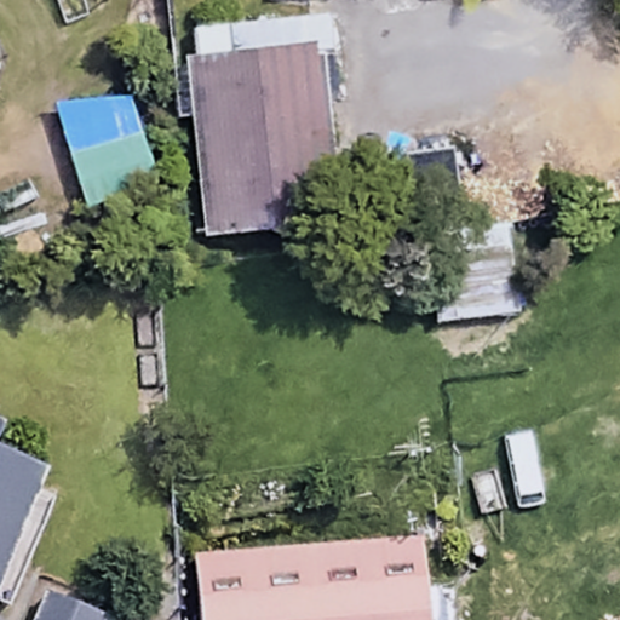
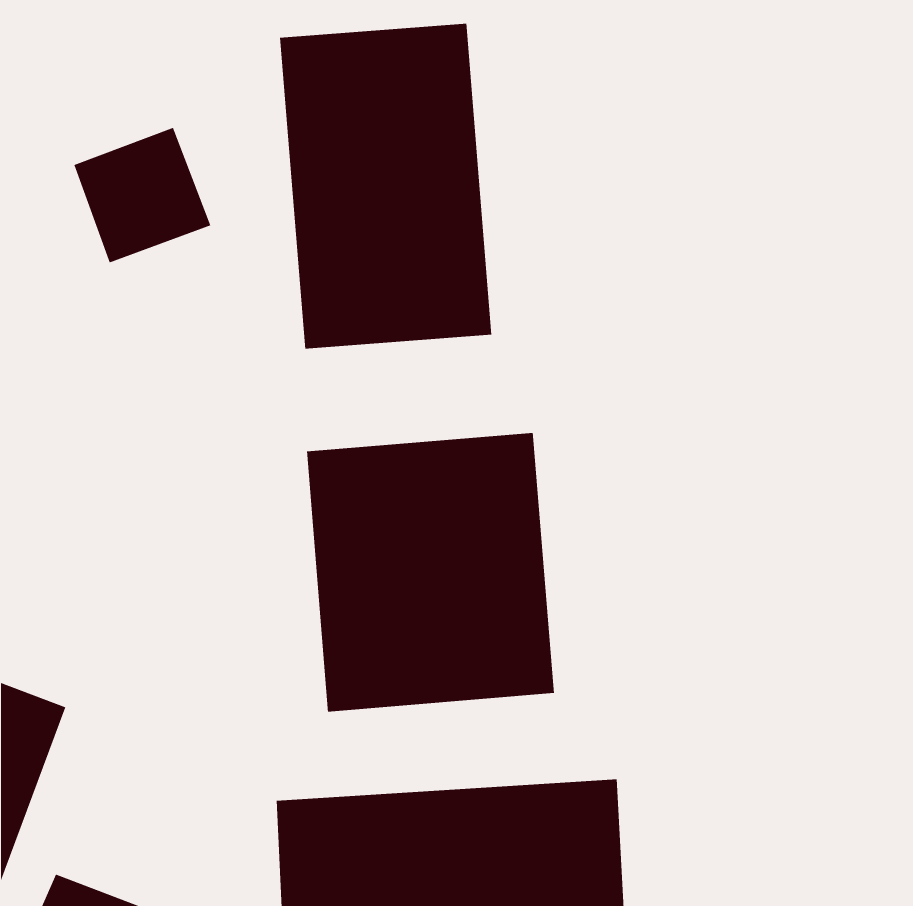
building: none -> [307,432,554,712]

